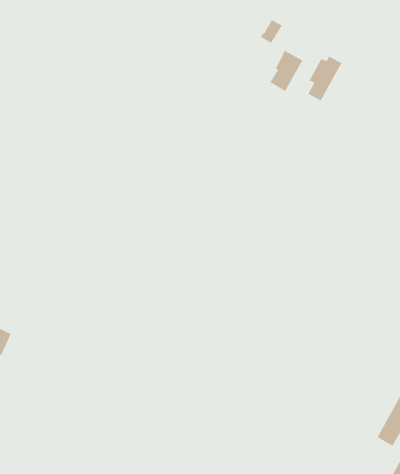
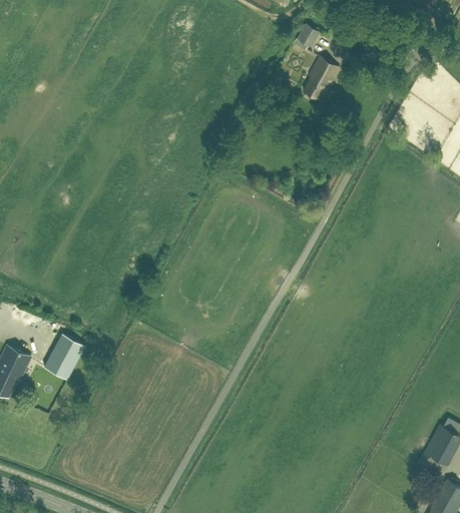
building: [308,56,342,101] -> none
building: none -> [43,334,85,380]

